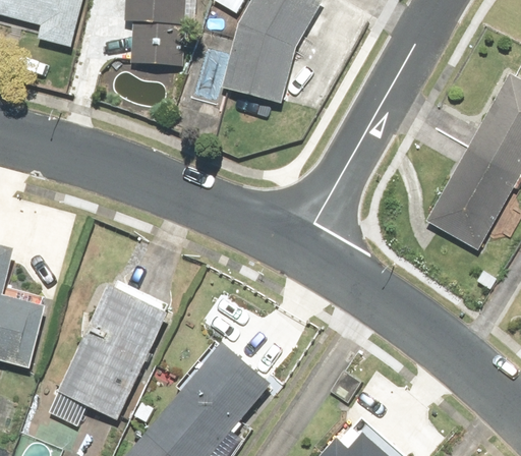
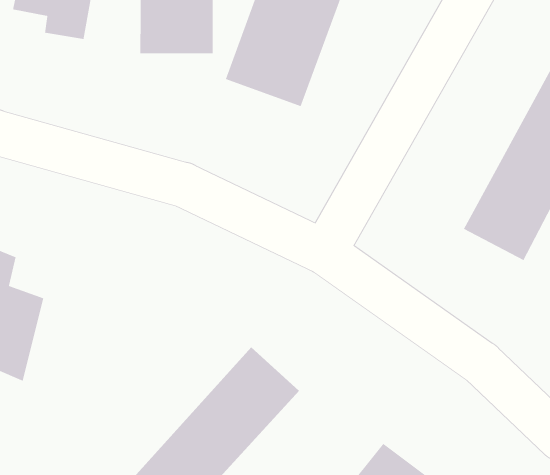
building: [57,271,176,414] -> none

